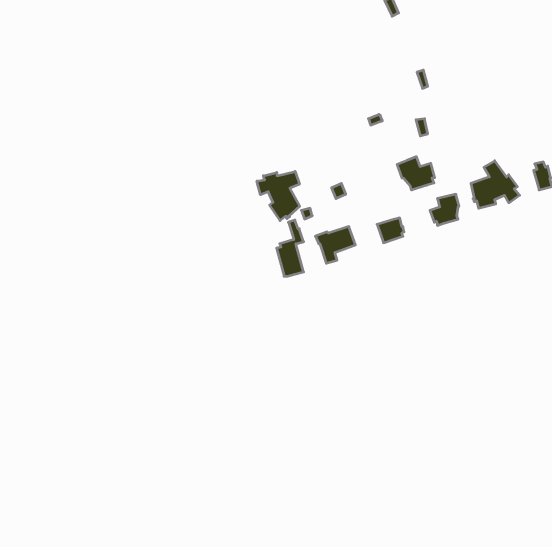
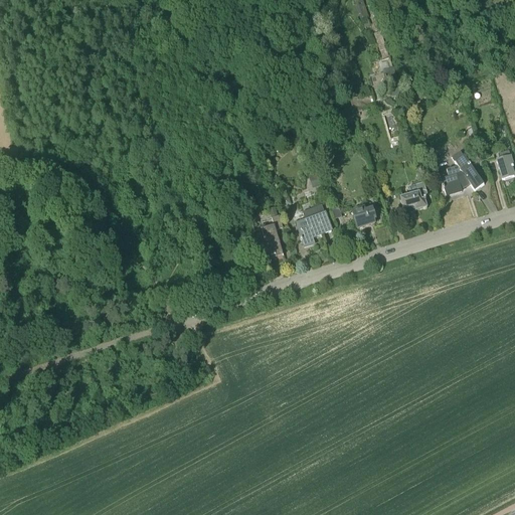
building: [397,157,435,190] -> none
building: [257,171,300,221] -> none

